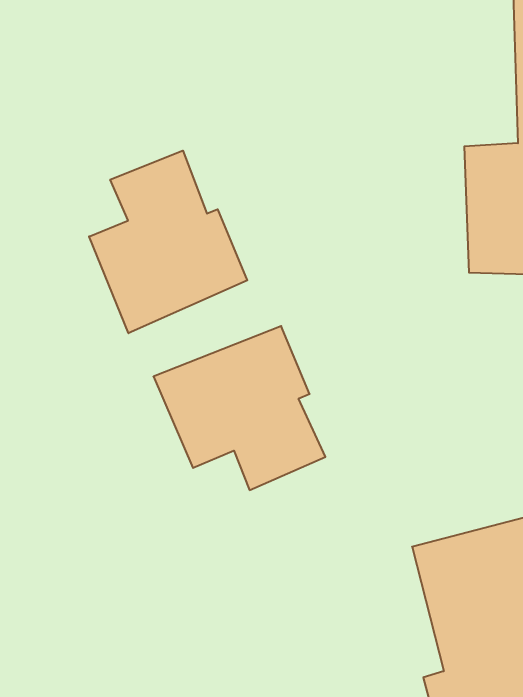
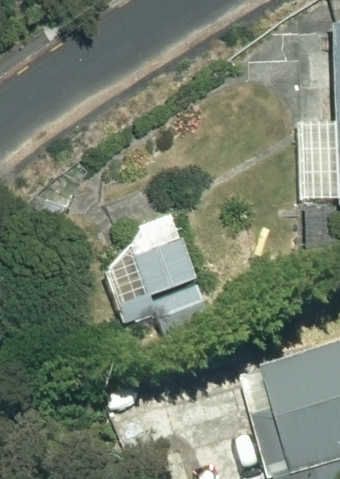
building: [89,151,247,333] -> none

